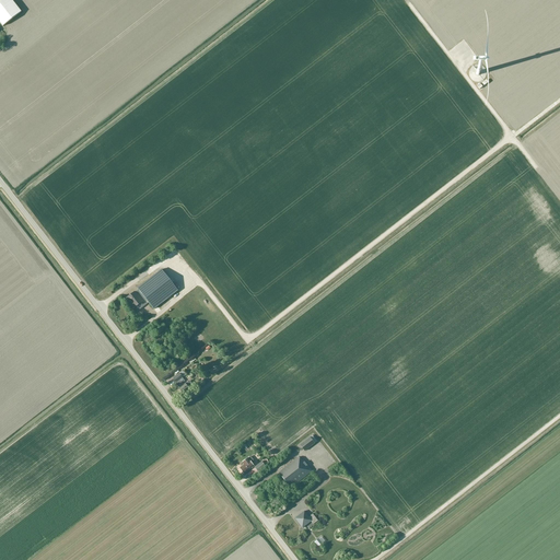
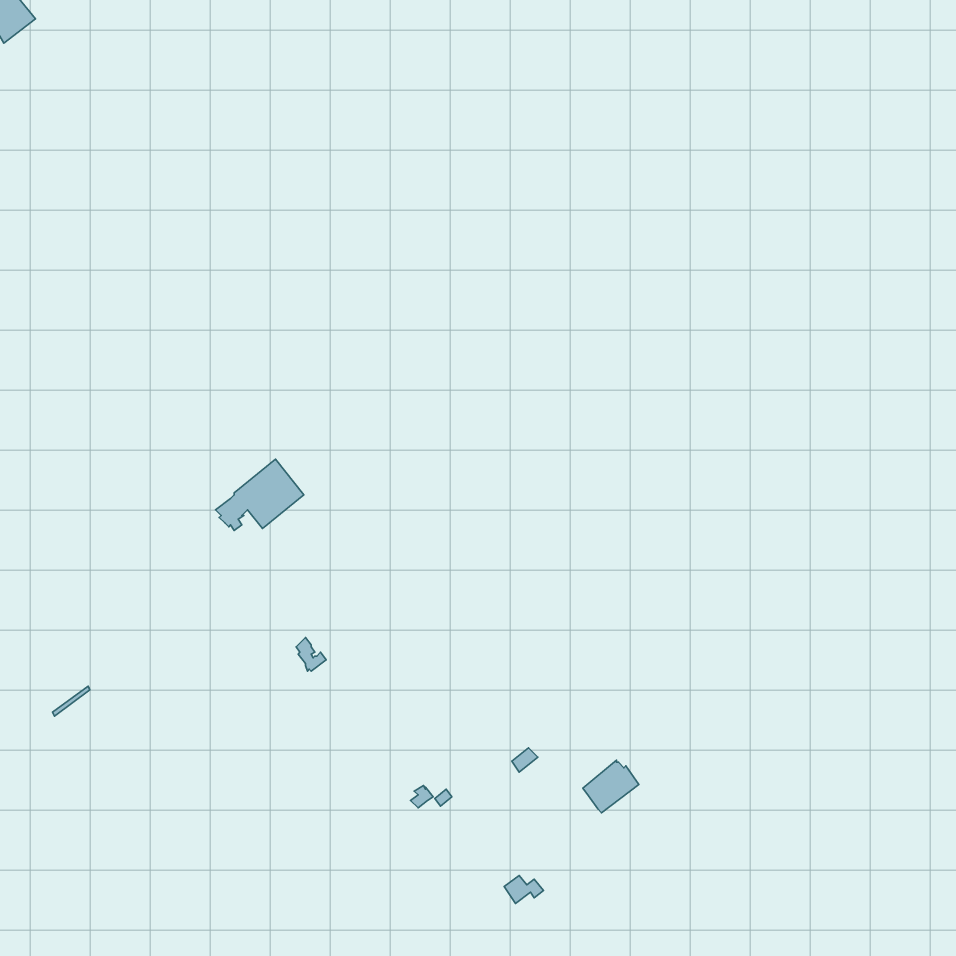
building: [278,456,311,487] -> [583,760,639,813]

